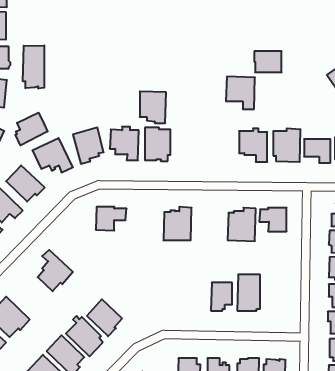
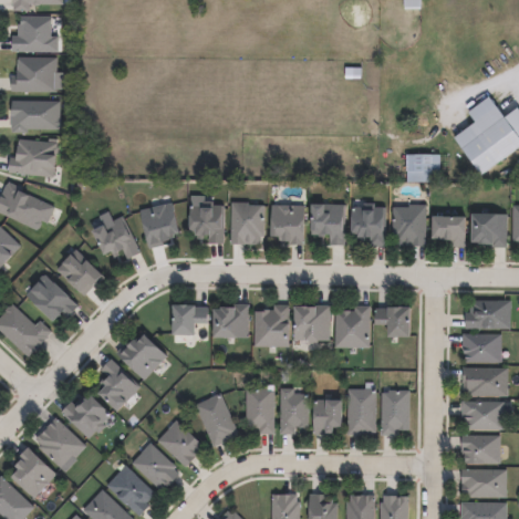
building: [23,45,44,89] -> none
building: [254,51,282,72] -> [406,156,440,183]
building: [226,77,255,109] -> [309,205,345,246]
building: [140,91,166,123] -> [271,206,304,246]
building: [15,113,48,145] -> none
building: none -> [211,303,249,336]
building: none -> [293,304,330,340]
building: none -> [120,332,167,380]
building: none -> [246,387,276,434]
building: none -> [281,387,309,434]
building: none -> [382,388,411,434]
building: none -> [195,392,238,446]
building: none -> [61,394,111,438]

